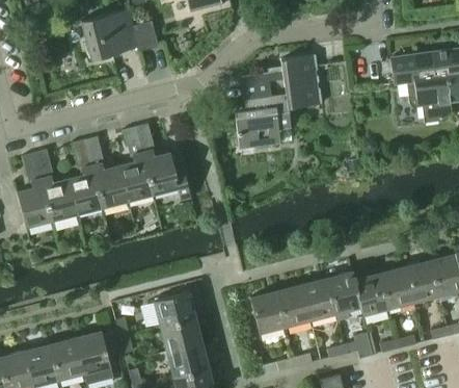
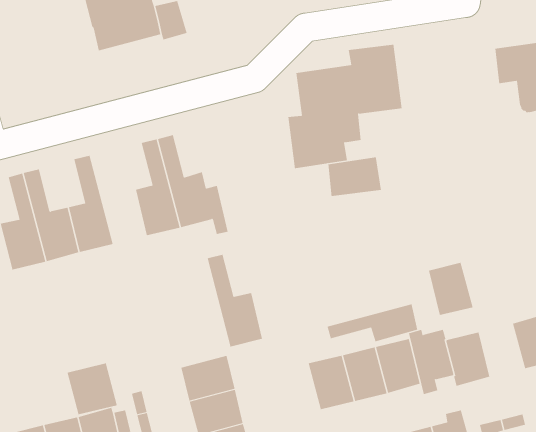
building: [85,136,128,207] -> [207,254,263,347]
building: none -> [328,156,381,197]
building: none -> [327,304,418,342]
building: [380,267,414,308] -> [428,262,473,316]
building: none -> [67,363,117,415]

